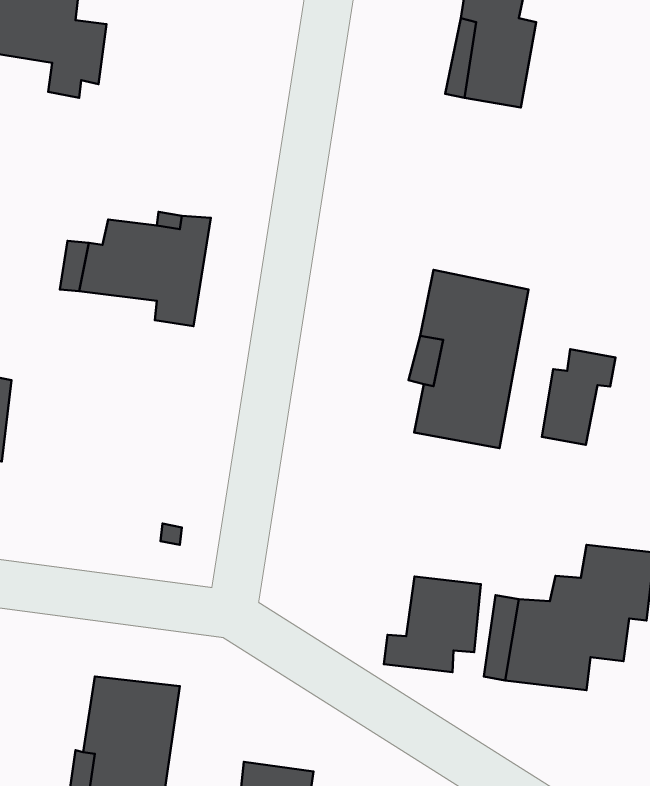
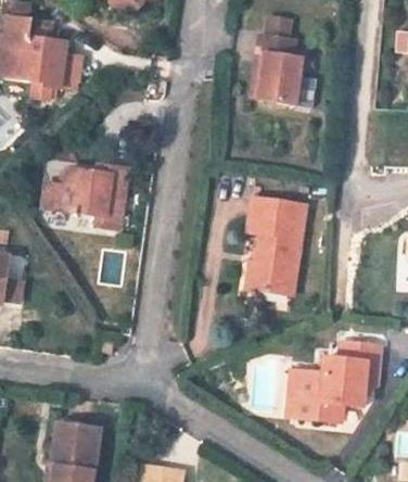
building: [542,349,616,445] -> none
building: [384,577,481,672] -> none

